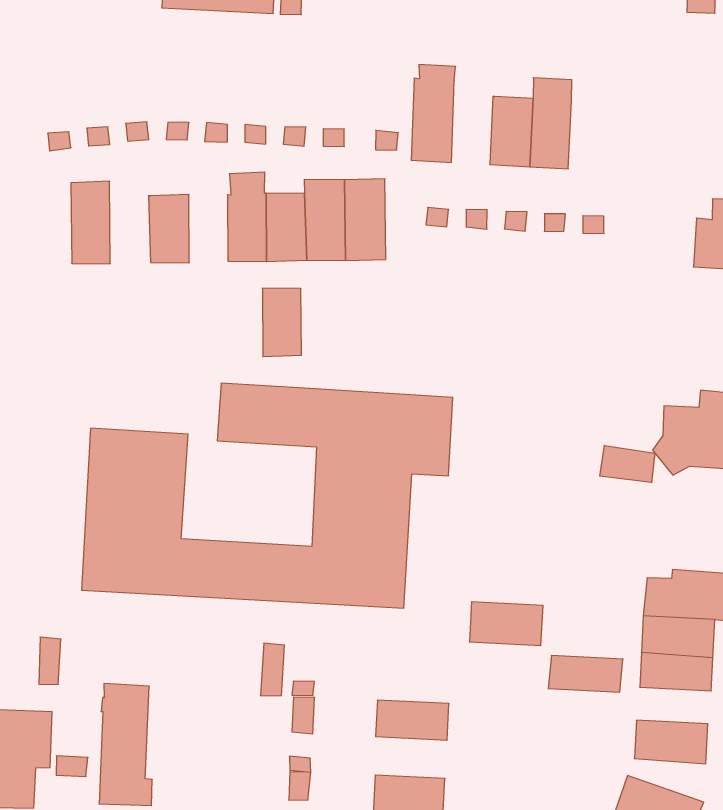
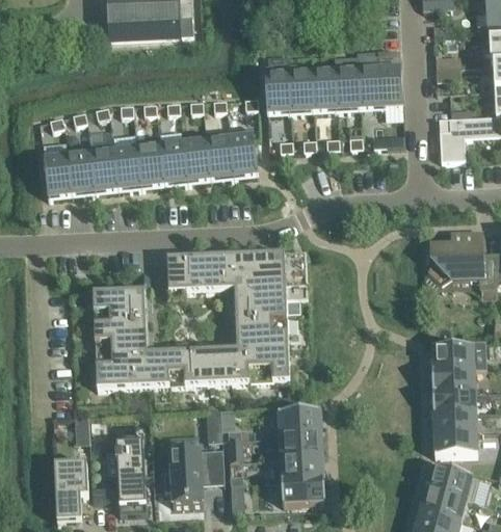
building: none -> [359,50,402,109]
building: none -> [288,62,314,112]
building: none -> [42,139,72,197]
building: none -> [89,141,118,192]
building: [262,288,301,357] -> [137,144,164,187]
building: [600,445,655,483] -> none
building: [469,602,543,645] -> [278,409,321,435]
building: [548,656,623,692] -> [433,410,476,432]
building: none -> [163,449,225,503]
building: none -> [280,455,323,480]

